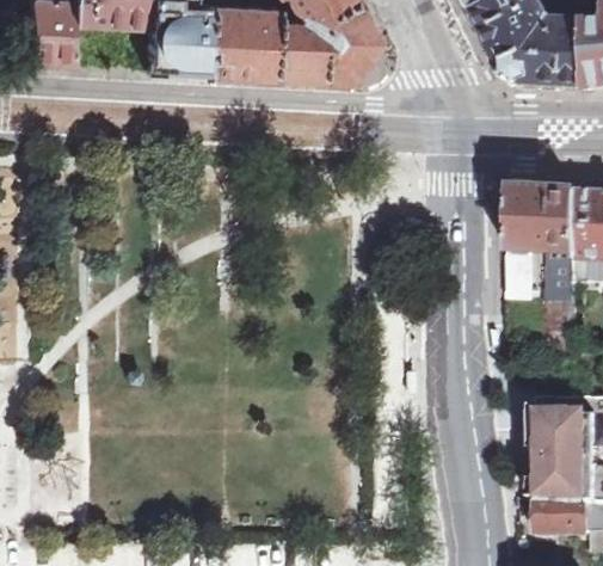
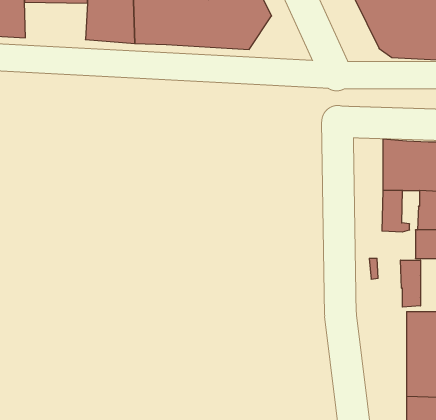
building: none -> [401,260,420,307]

